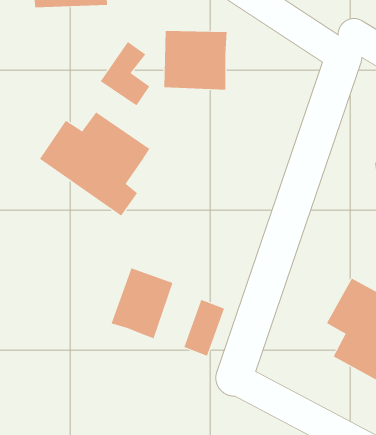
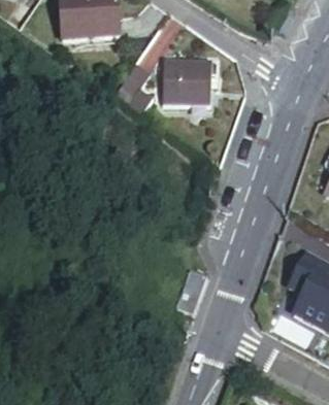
building: [39,112,150,216] -> none
building: [111,267,173,339] -> none

